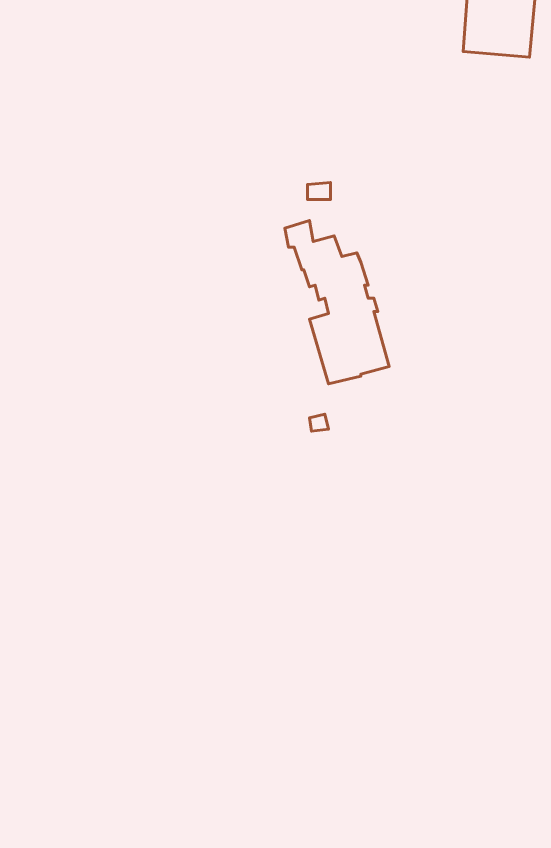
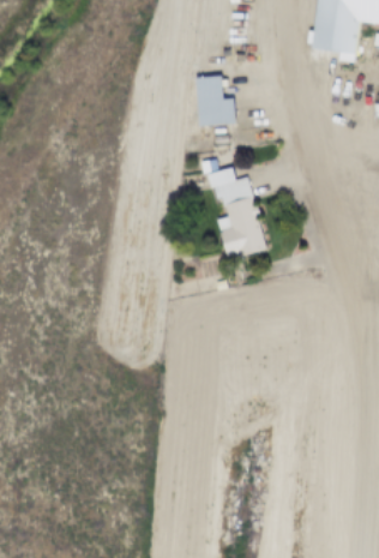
building: none -> [194,76,235,125]

